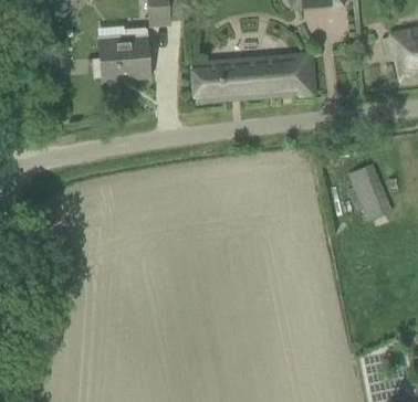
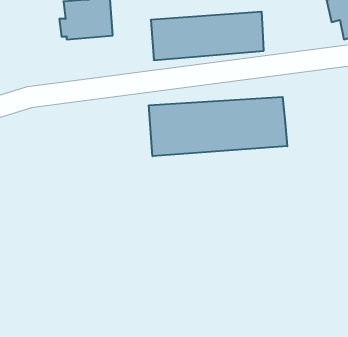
building: none -> [149,97,287,156]
building: [348,163,390,220] -> none

